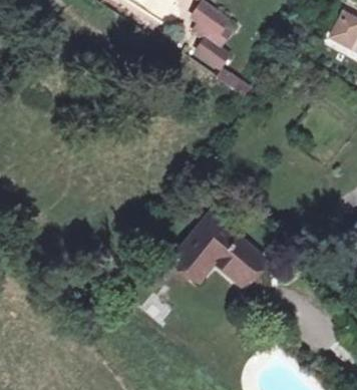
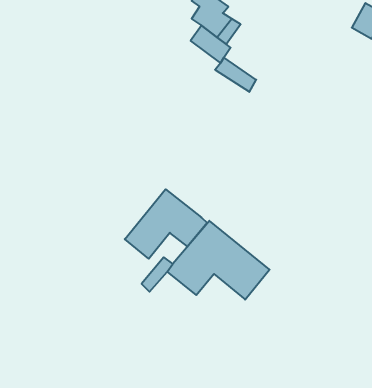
building: none -> [125,189,207,259]

